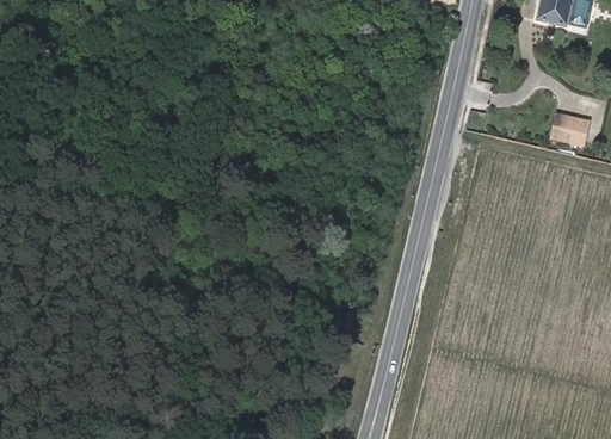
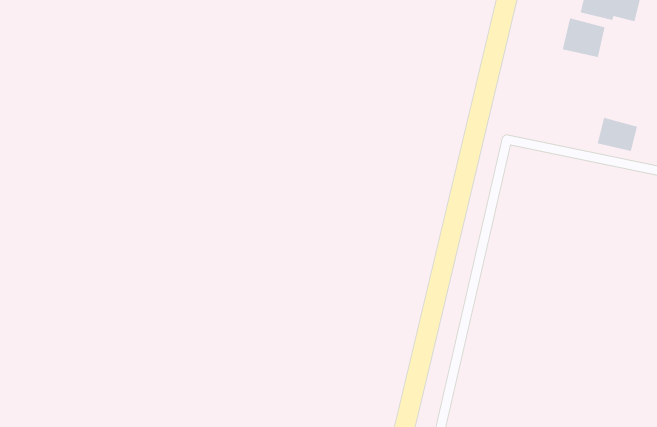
building: none -> [562,18,605,58]

